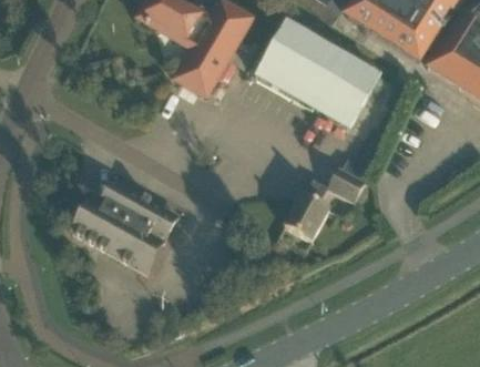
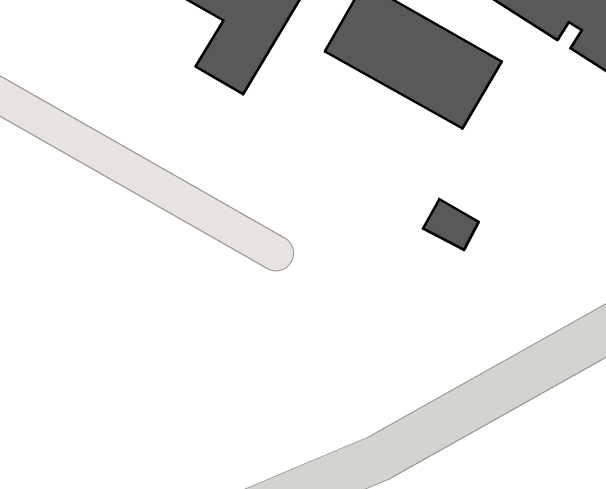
building: [284,179,328,239] -> none
building: [71,180,177,272] -> none

